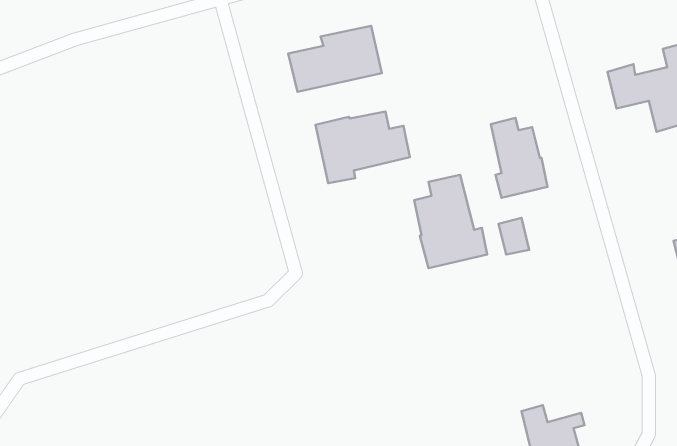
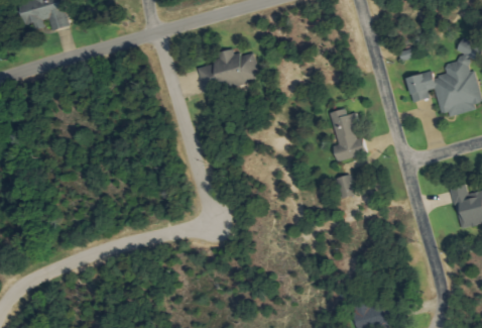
building: [316,111,410,183] -> none
building: [414,175,487,268] -> none

